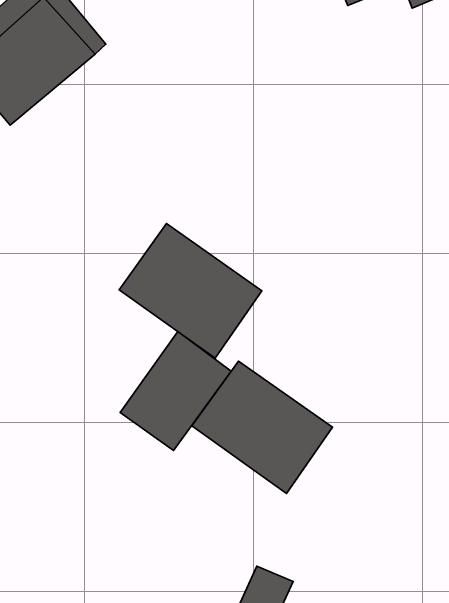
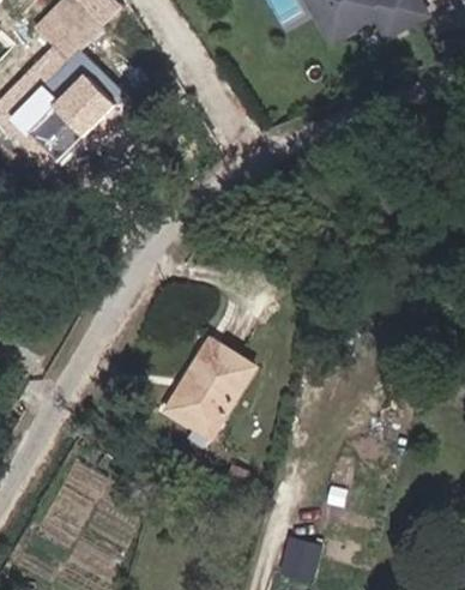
building: [119,224,262,358] -> none
building: [192,361,332,493] -> none

